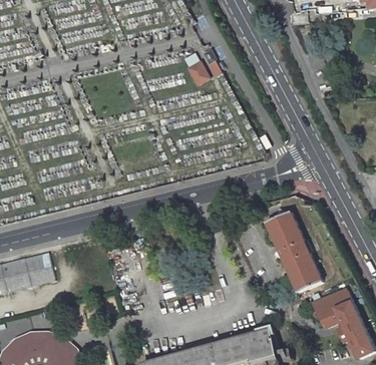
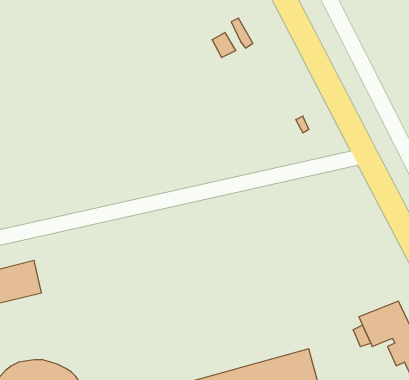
building: [266,209,321,289] -> none

